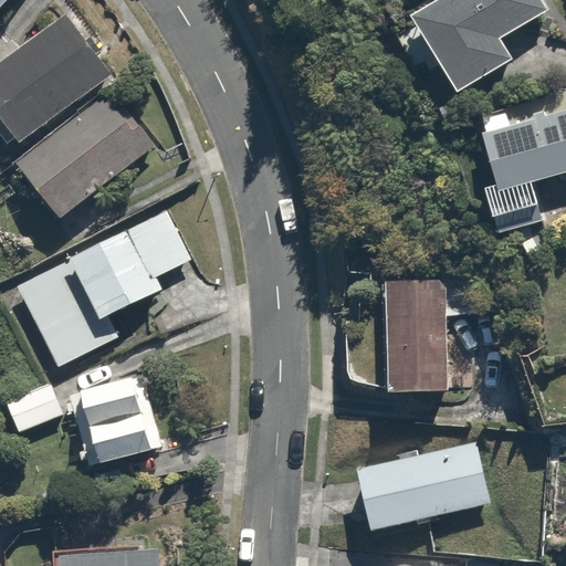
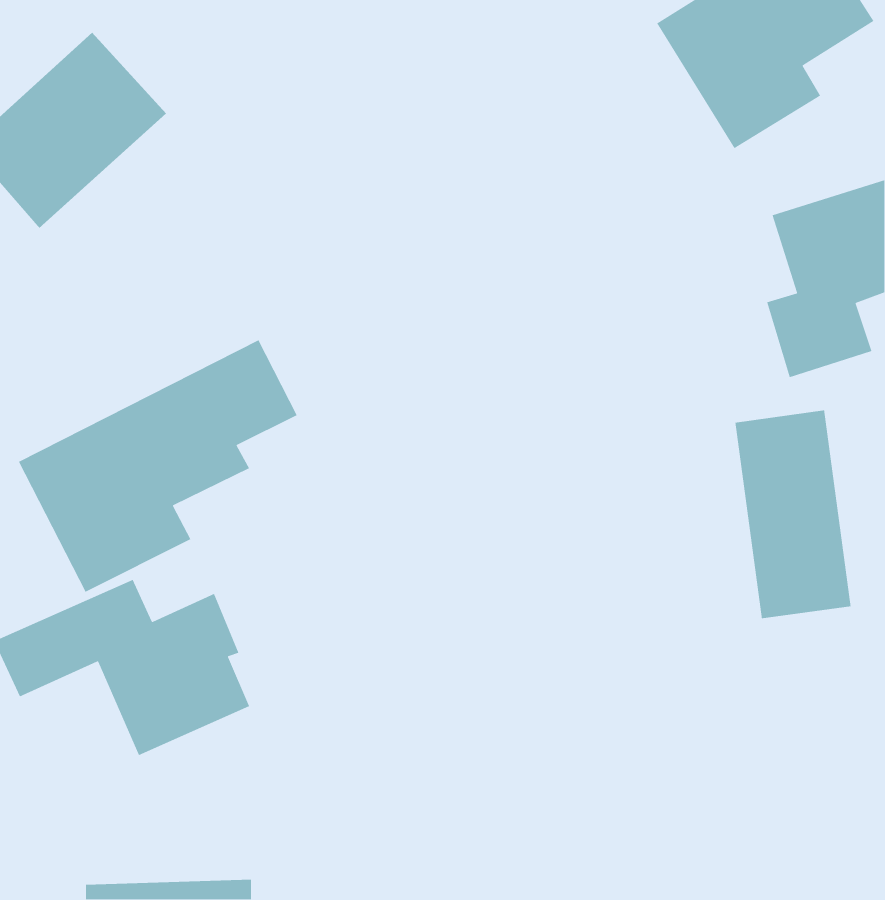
building: [21,94,149,218] -> none
building: [382,269,455,399] -> [734,410,851,619]
building: [357,440,486,532] -> none

